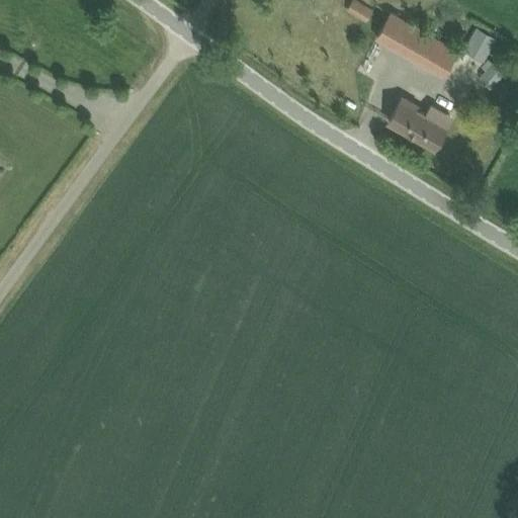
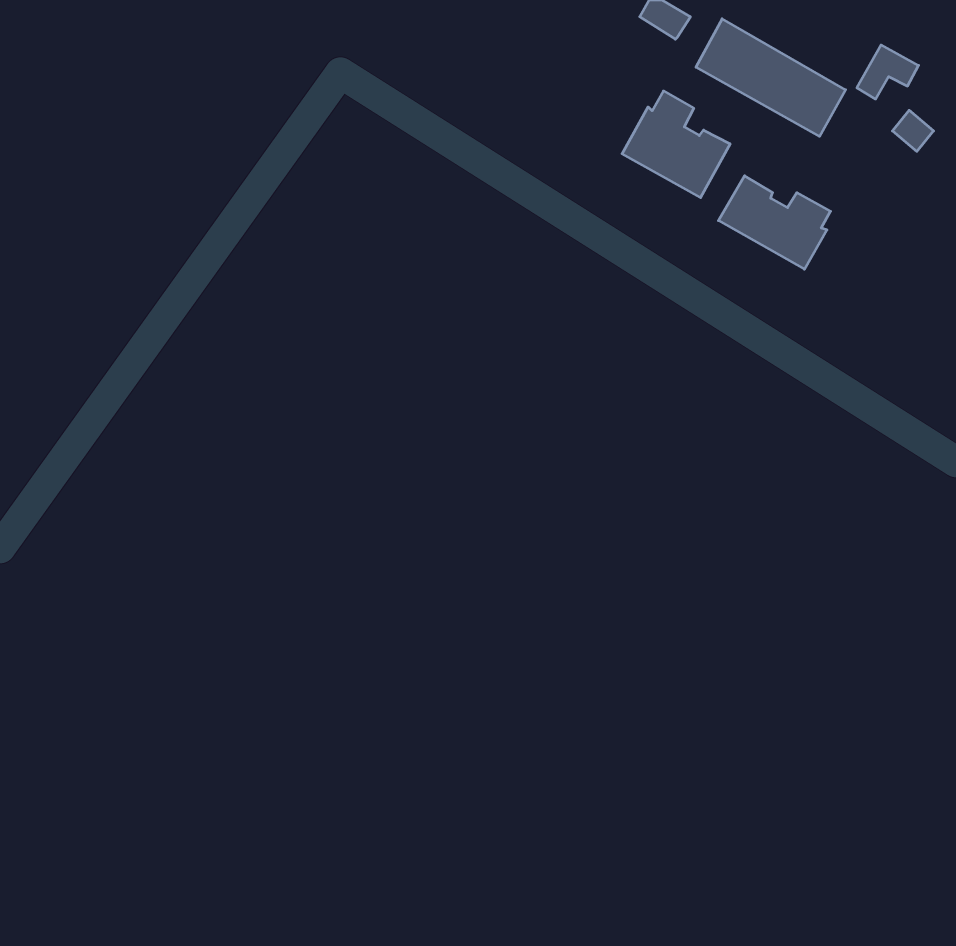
building: none -> [622,91,730,198]

